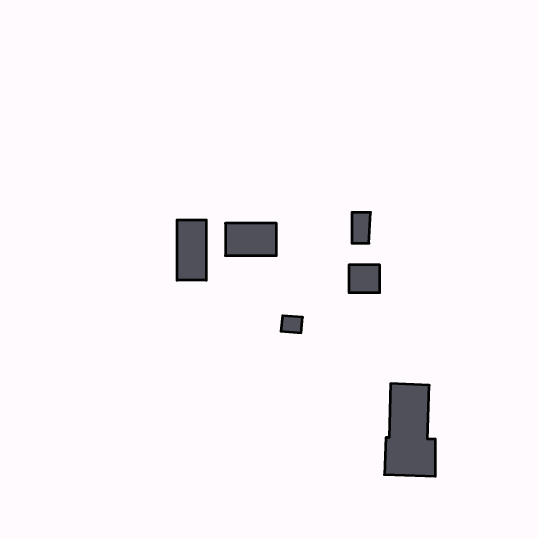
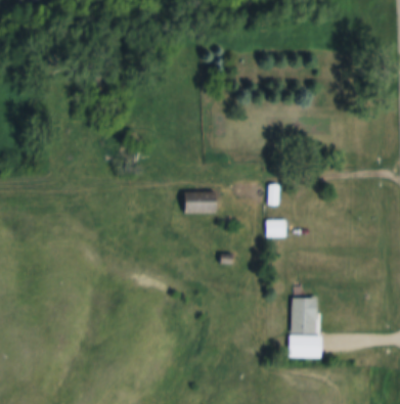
building: [177,220,206,280] -> none

